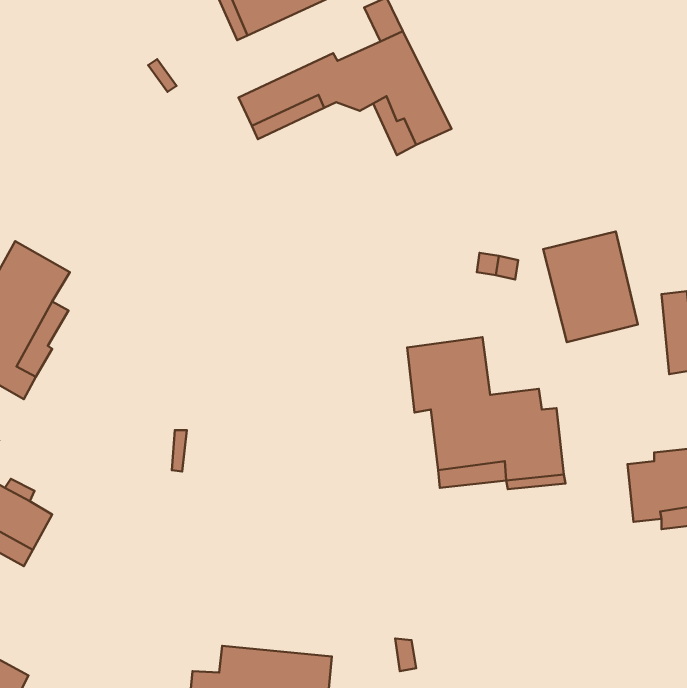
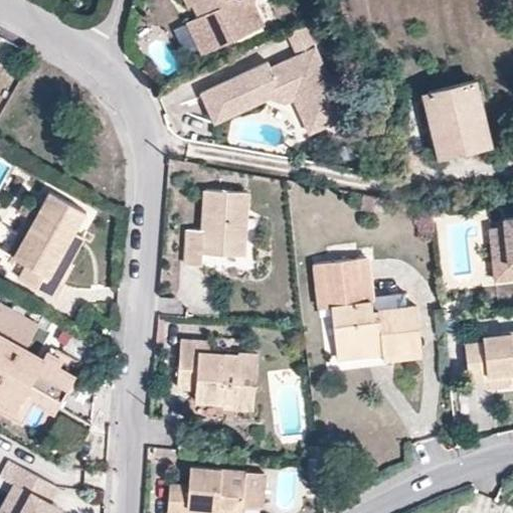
building: [543,231,638,342] -> [425,91,490,166]
building: none -> [182,195,248,271]
building: none -> [176,340,256,409]

